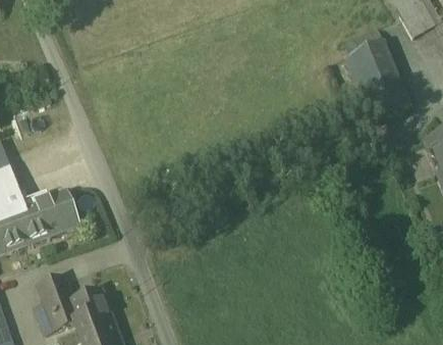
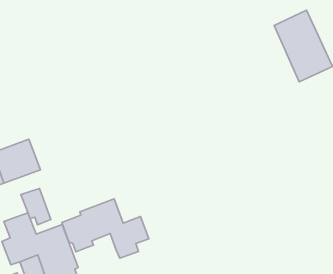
building: none -> [21,188,51,225]
building: none -> [62,199,149,258]

